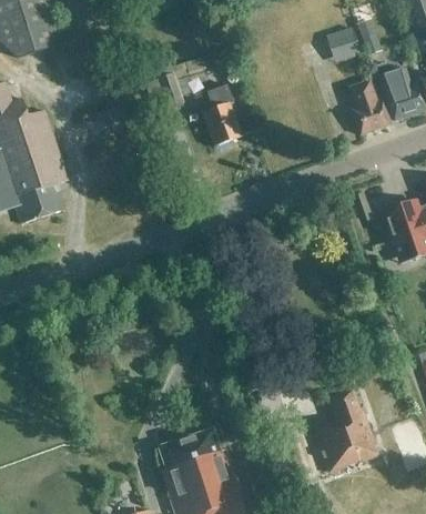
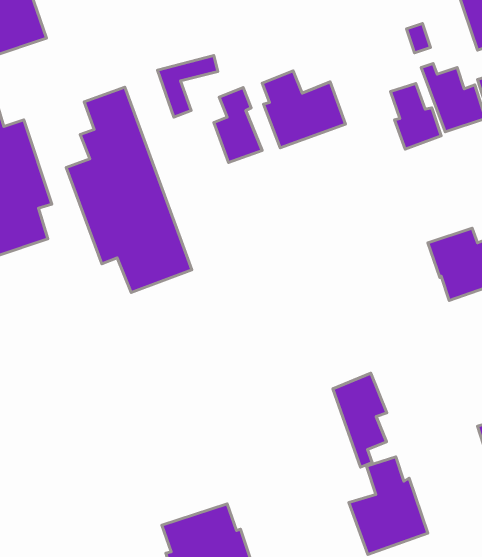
building: [325,27,361,62] -> none
building: none -> [262,71,346,148]
building: none -> [66,87,192,292]
building: none -> [333,373,387,467]

